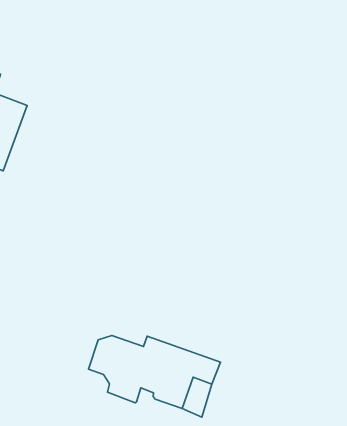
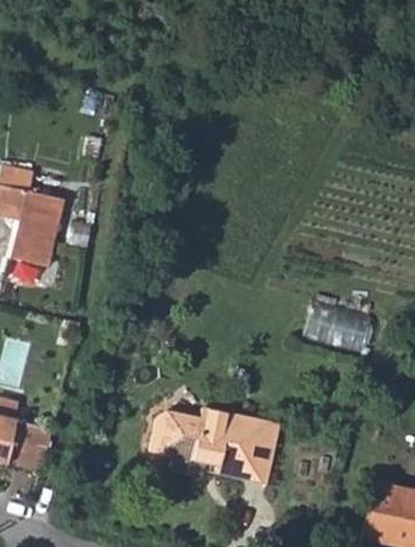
building: none -> [307,297,374,344]

